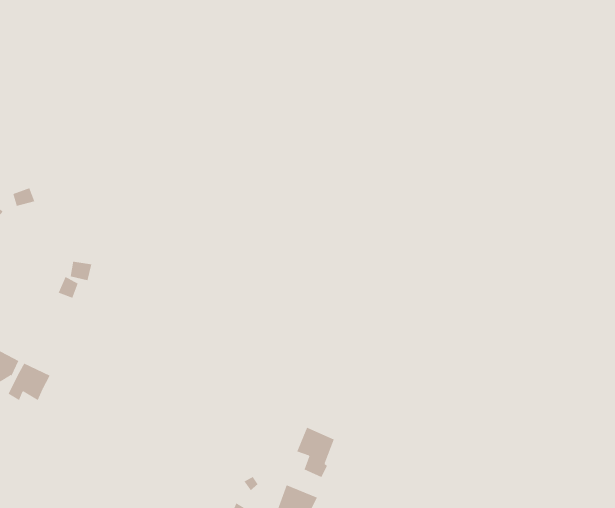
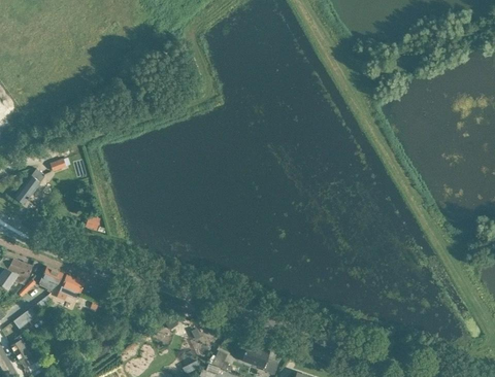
building: [297,427,335,478] -> none

